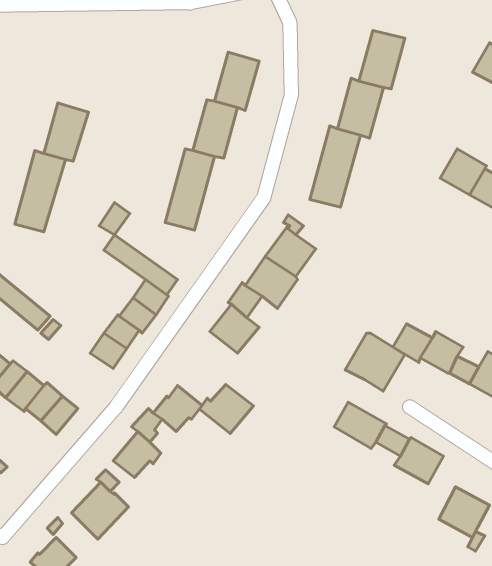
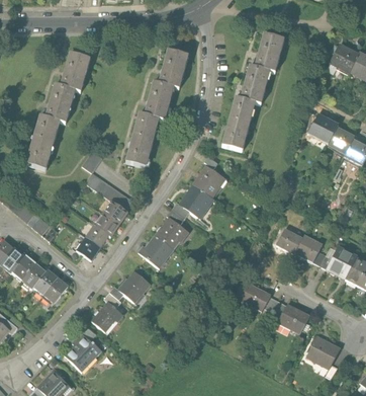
building: none -> [61,53,89,90]
building: [345,333,405,391] -> none
building: [200,384,253,434] -> [138,234,173,266]

